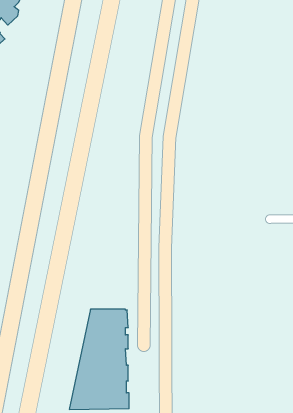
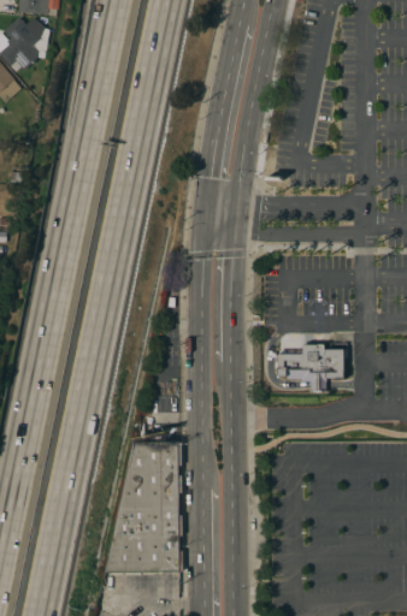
building: none -> [275,345,347,391]

